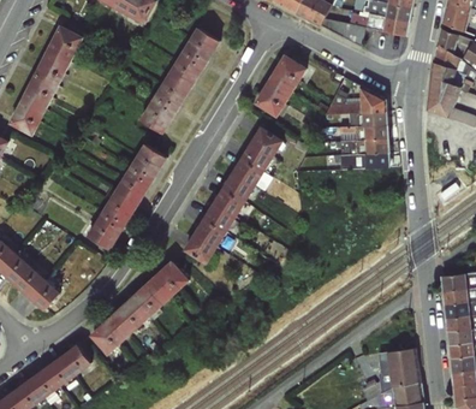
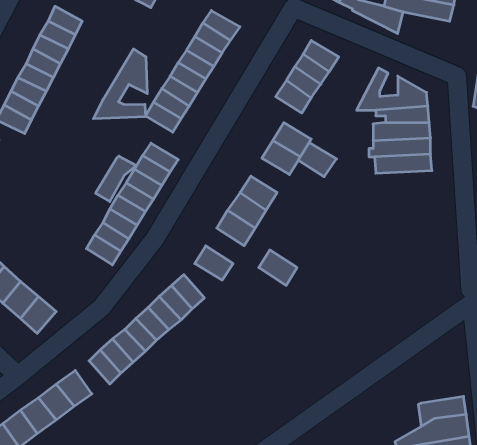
building: none -> [93,49,147,119]
building: none -> [96,156,137,202]
building: [231,156,264,186] -> [298,142,337,177]
building: [191,218,225,249] -> [259,250,297,285]
building: [376,348,417,372] -> none

